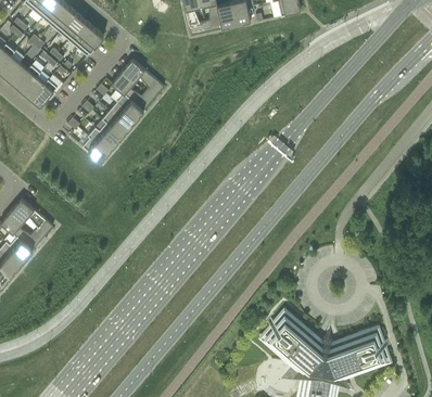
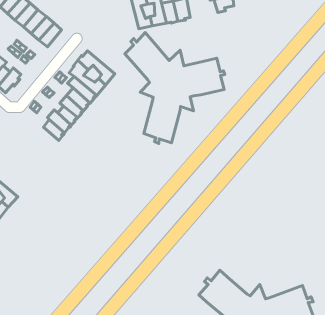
building: none -> [125,33,225,143]

